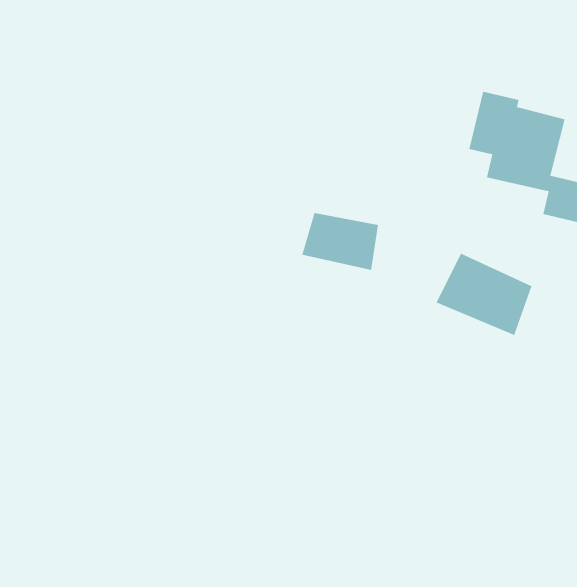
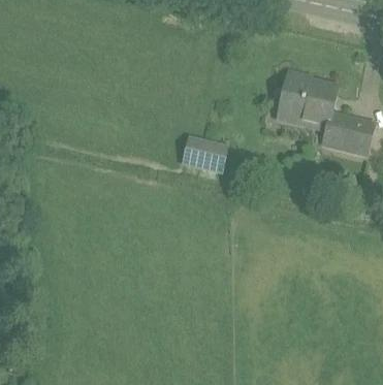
building: [436,253,532,336] -> none

